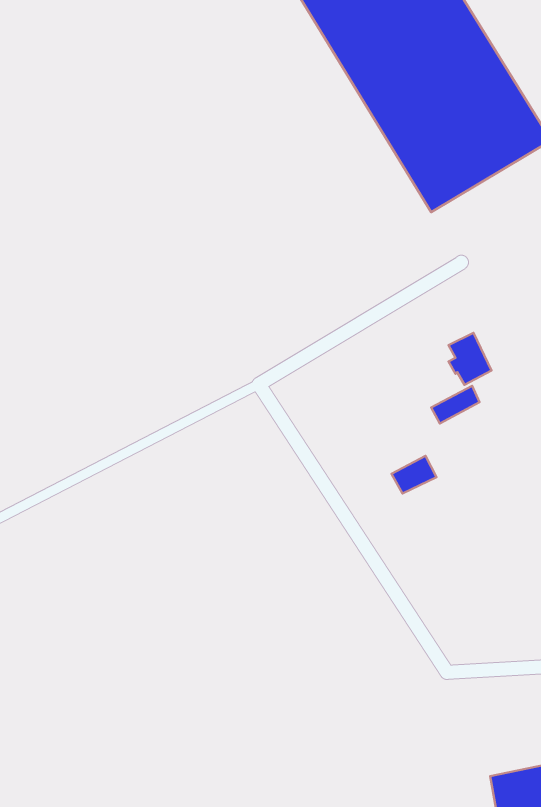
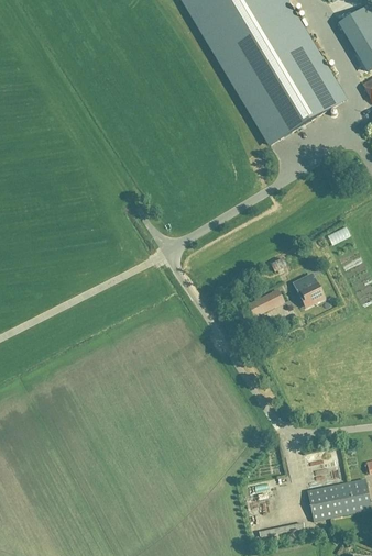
building: [448,333,491,385] -> [296,273,322,304]

